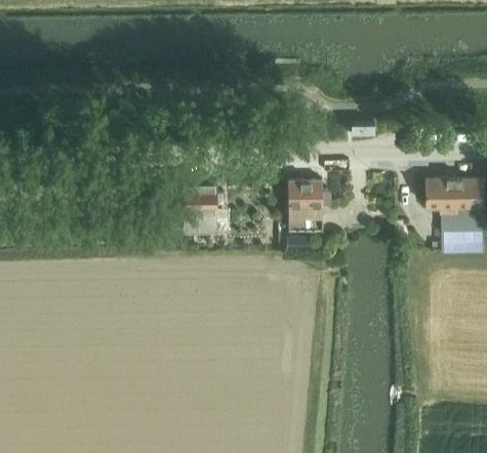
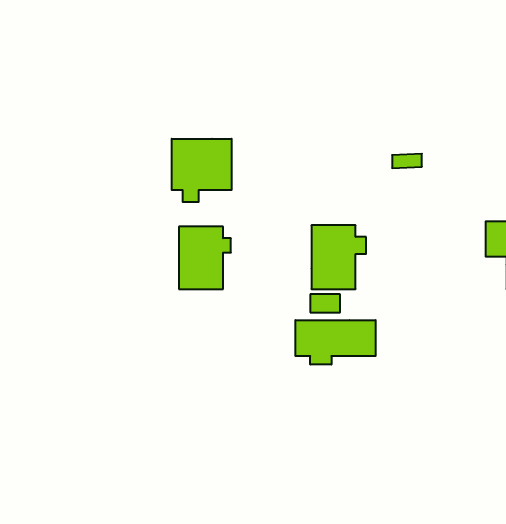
building: none -> [172,139,232,202]
building: none -> [295,320,376,365]

